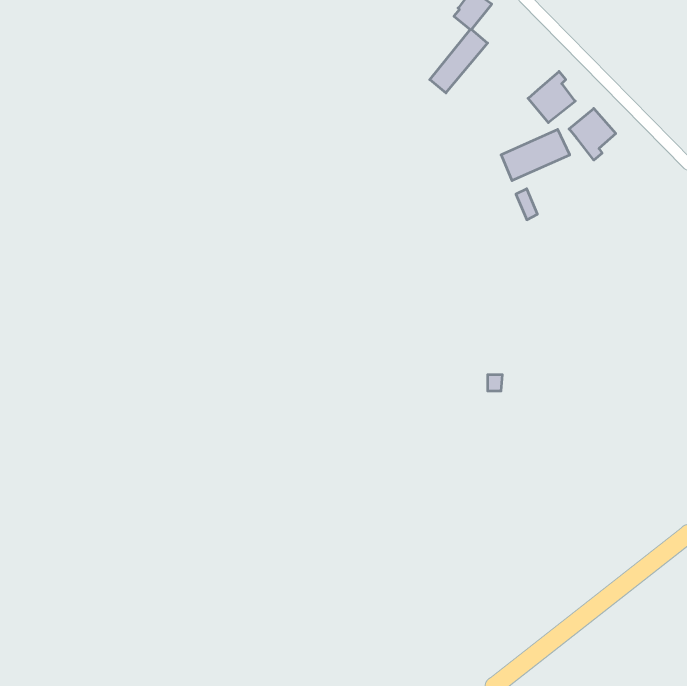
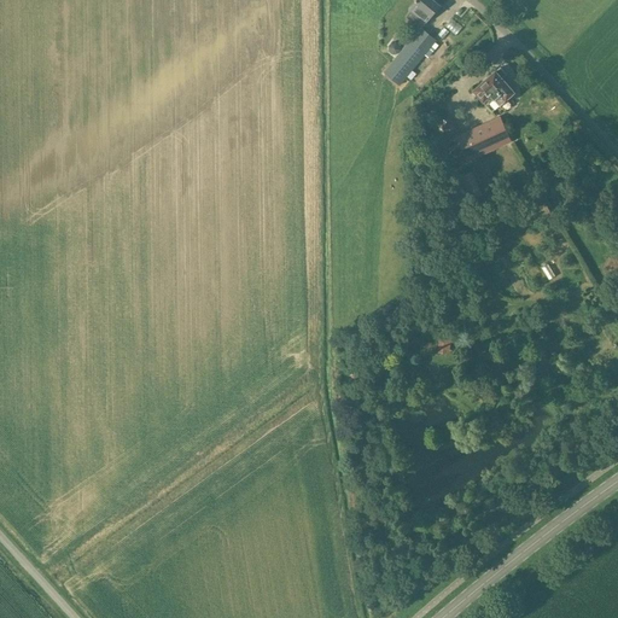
building: [569,108,616,160] -> none

